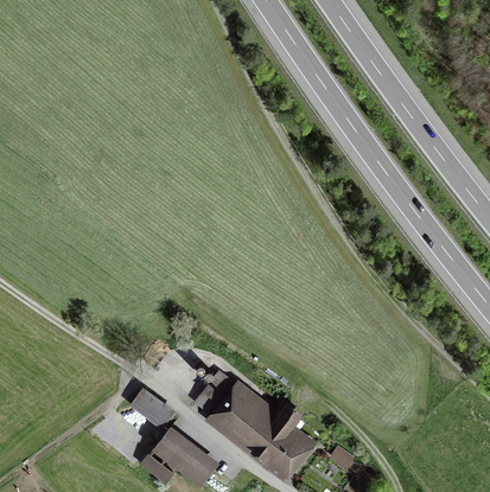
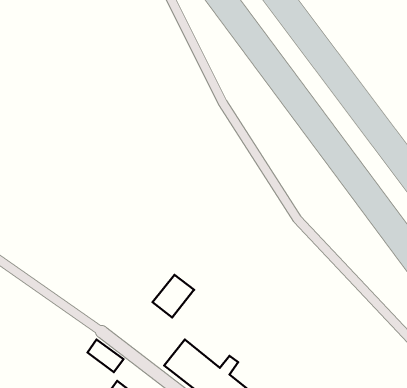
building: [196,373,241,420] -> [153,275,194,317]

